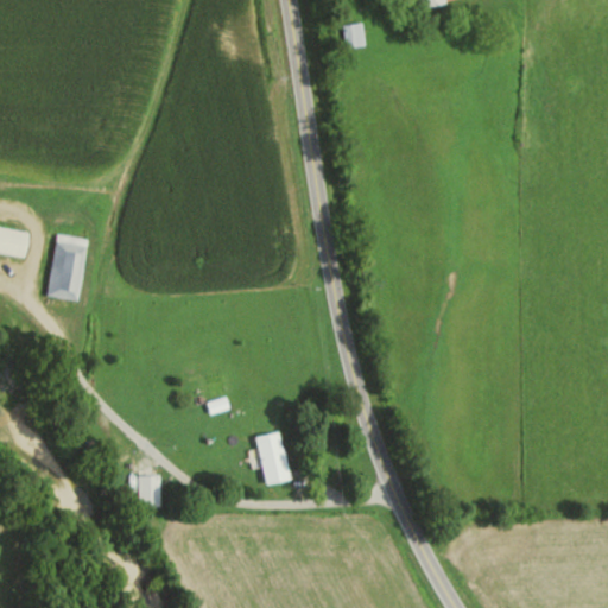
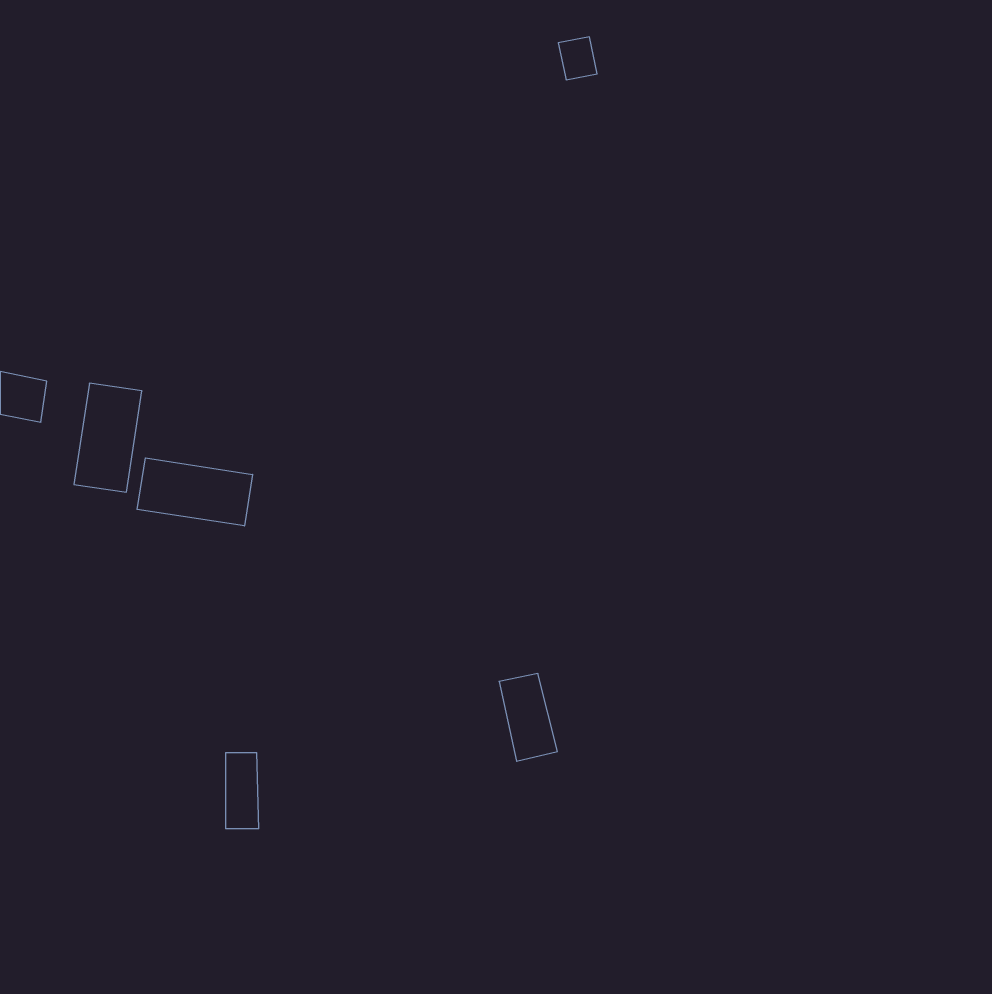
building: none -> [137,458,253,526]
building: [255,431,291,484] -> [499,674,557,761]

